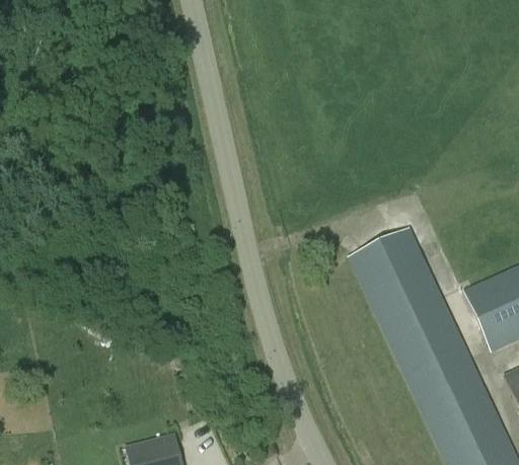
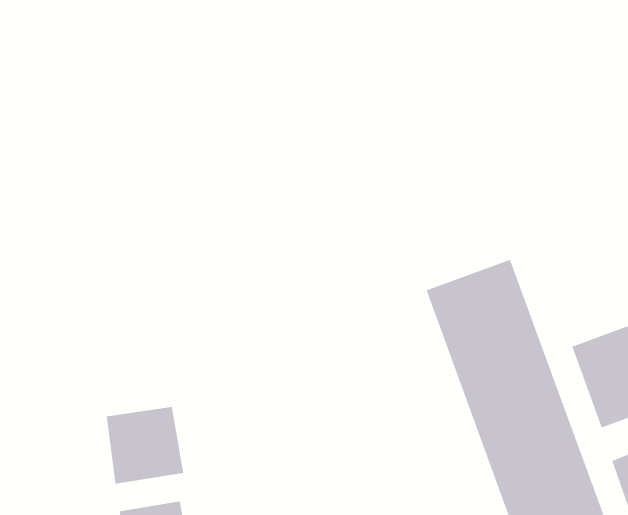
building: none -> [106,406,184,484]

